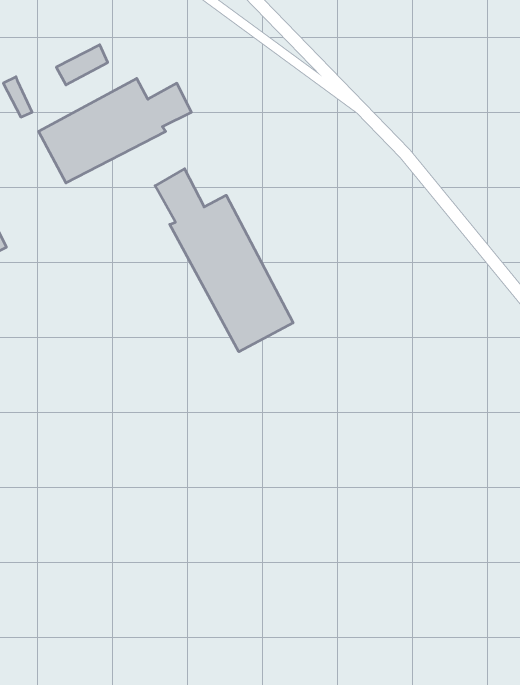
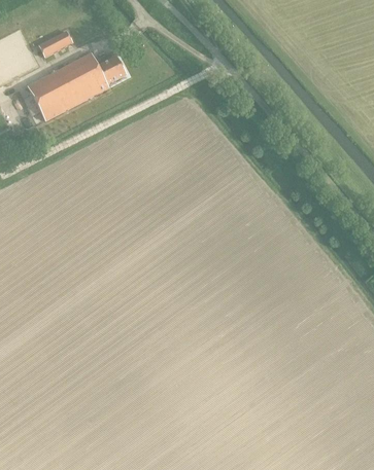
building: [155,169,293,352] -> none

